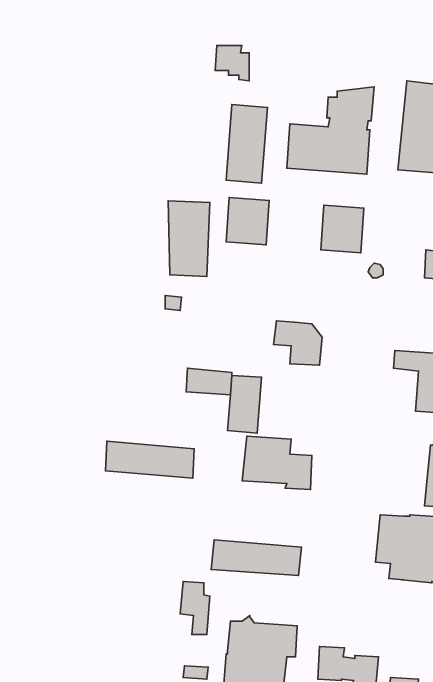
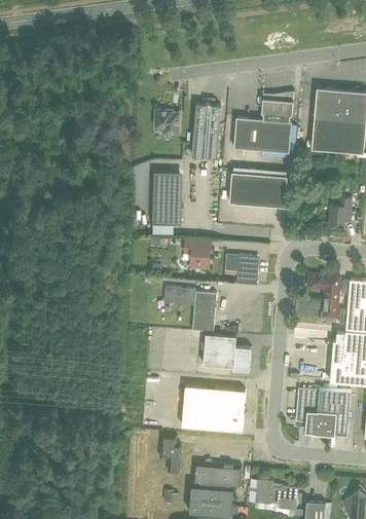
building: [215,45,249,81] -> [154,111,178,136]
building: [226,197,269,245] -> [229,173,259,206]
building: none -> [183,240,211,270]
building: [105,441,194,478] -> [183,386,245,412]

